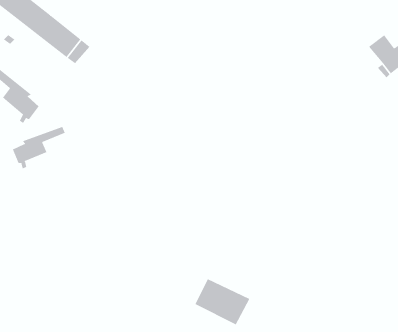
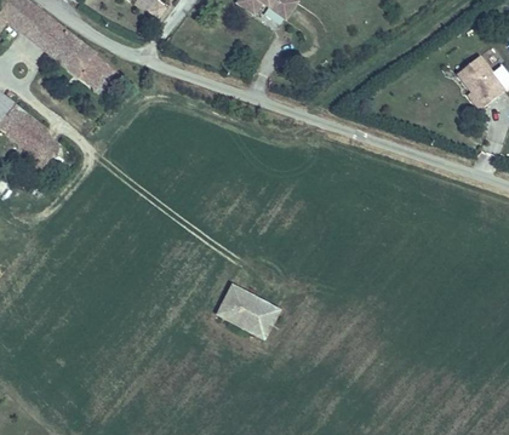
building: [12,126,66,169] -> none
building: [194,279,250,325] -> [212,281,279,337]

